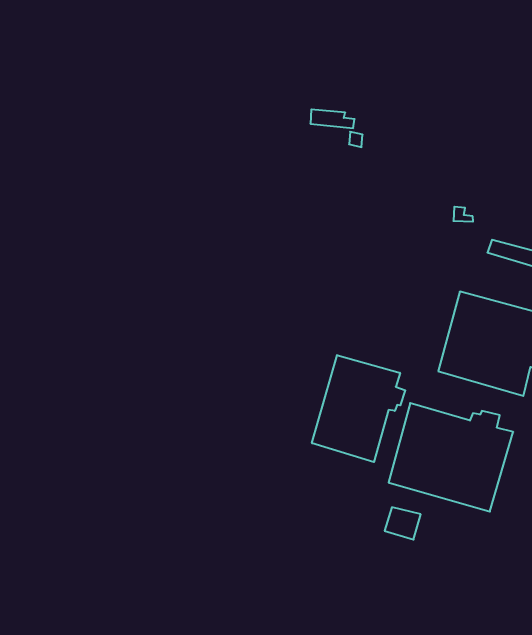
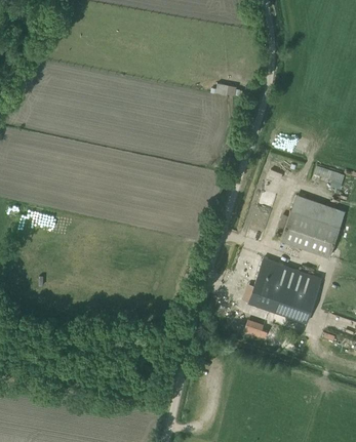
building: [312,355,405,462] -> none

